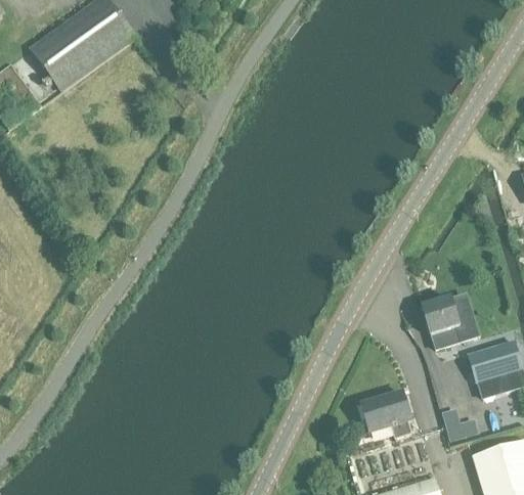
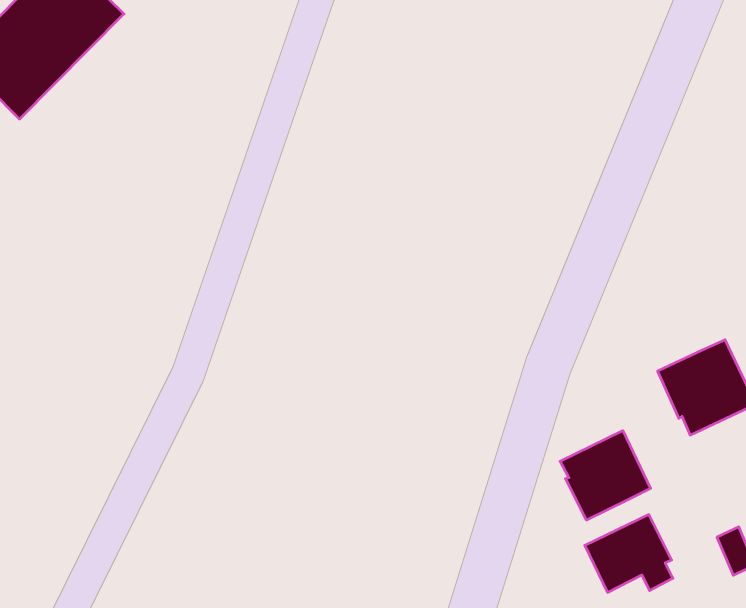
building: none -> [560,431,651,520]

